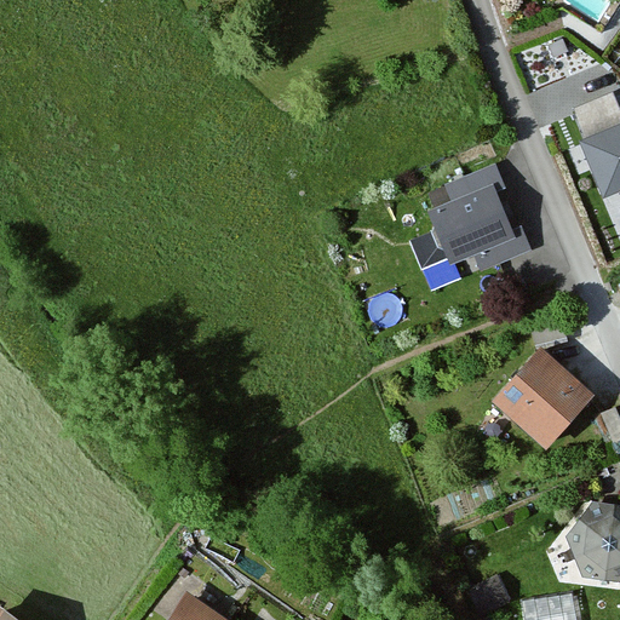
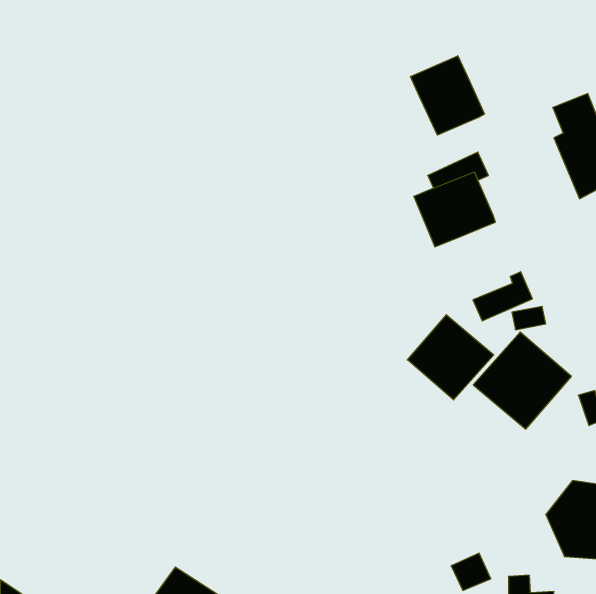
building: none -> [411,56,485,135]
building: [473,222,535,272] -> [473,272,532,321]
building: none -> [407,315,494,400]

